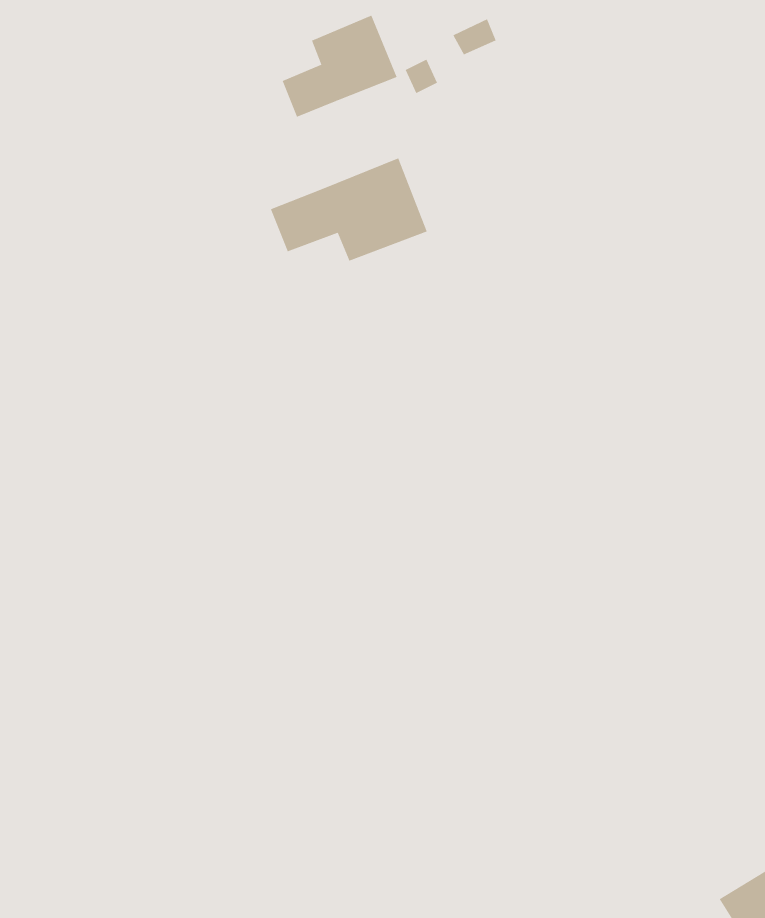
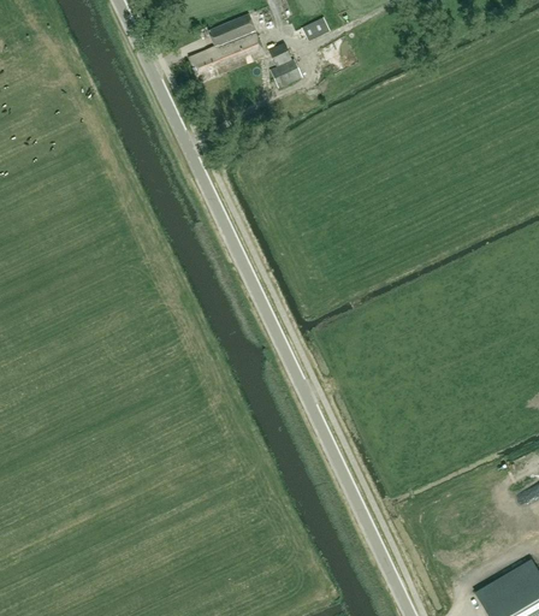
building: none -> [270,59,302,88]
building: [270,157,427,261] -> none

